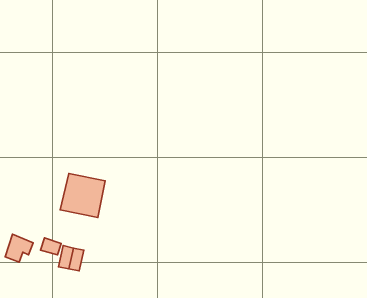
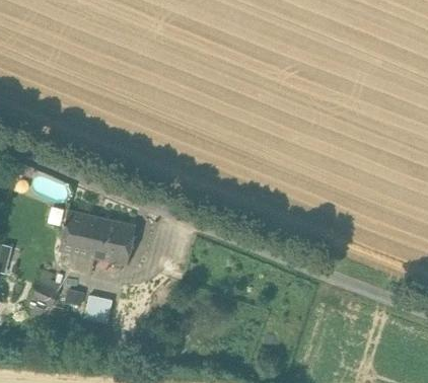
building: none -> [59,211,95,256]

